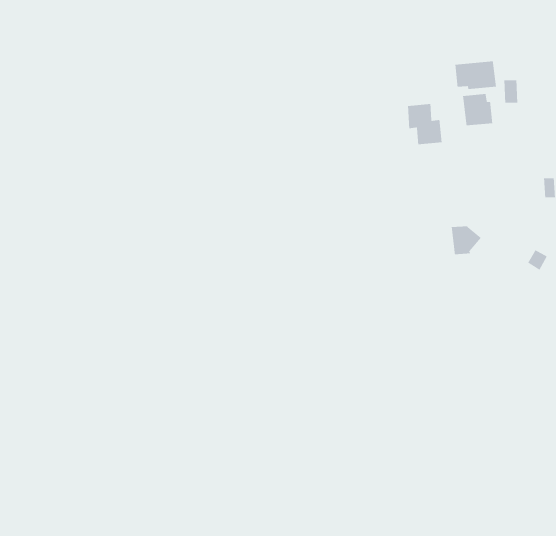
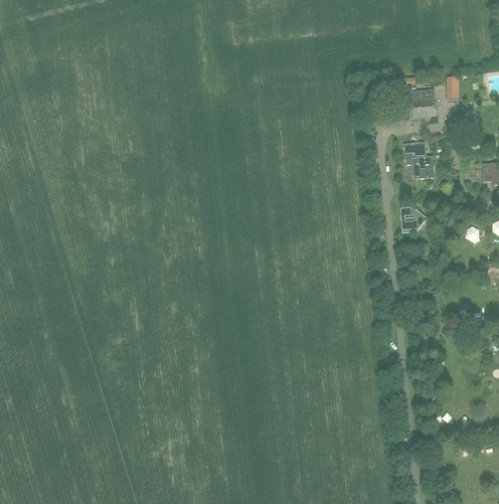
building: [454,61,497,90] -> none
building: [407,103,443,145] -> [403,141,435,178]

